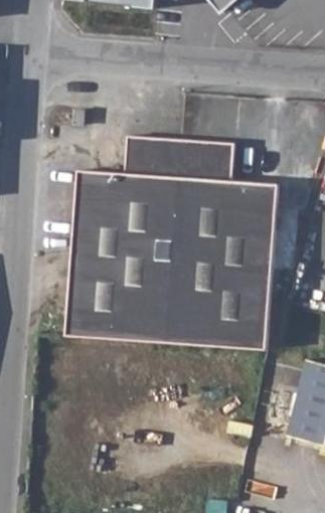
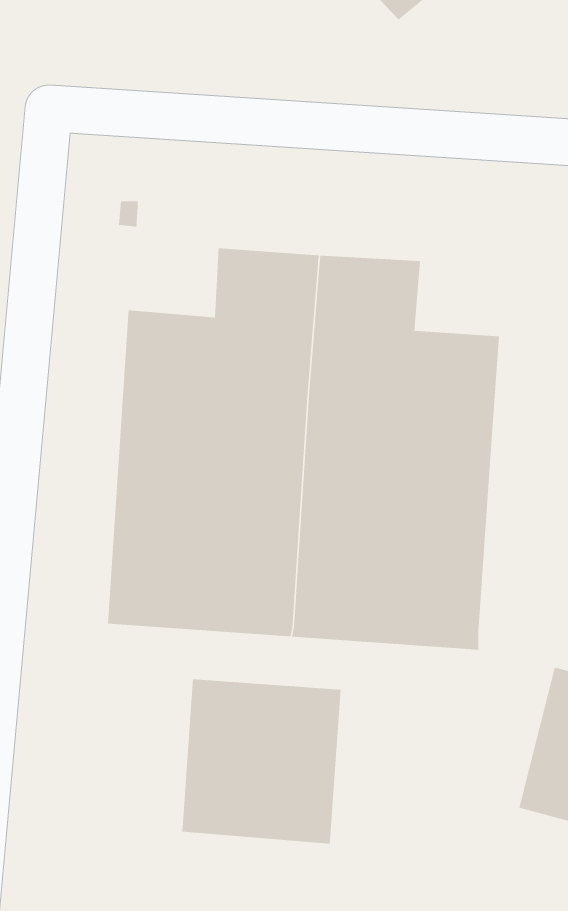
building: none -> [182,679,341,845]

